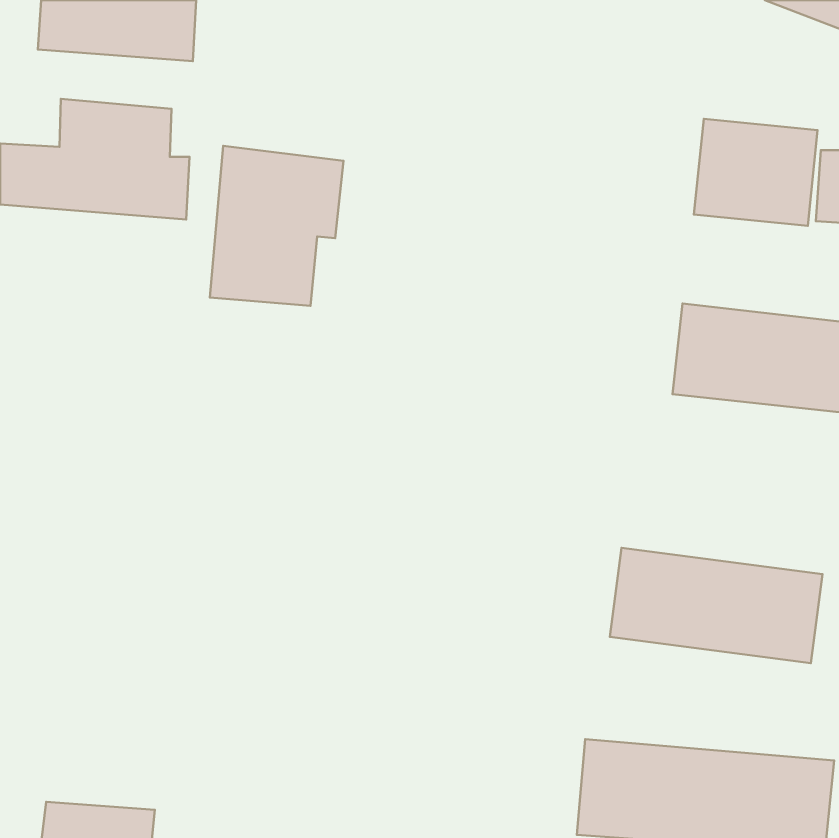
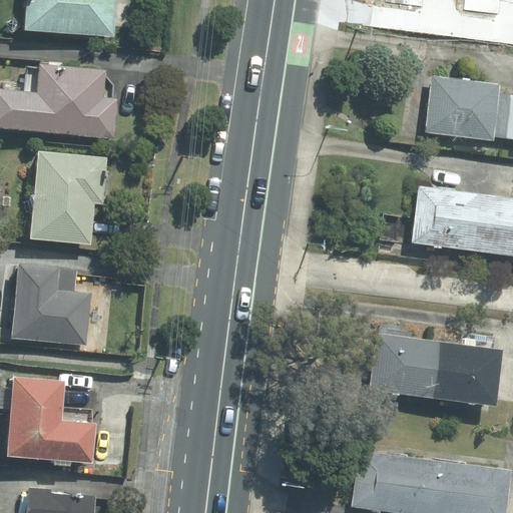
building: [210,146,343,306] -> [29,148,110,245]
building: none -> [11,262,93,348]
building: none -> [7,376,95,461]

